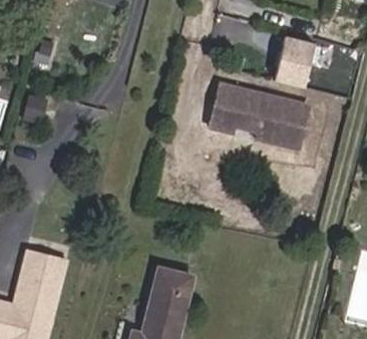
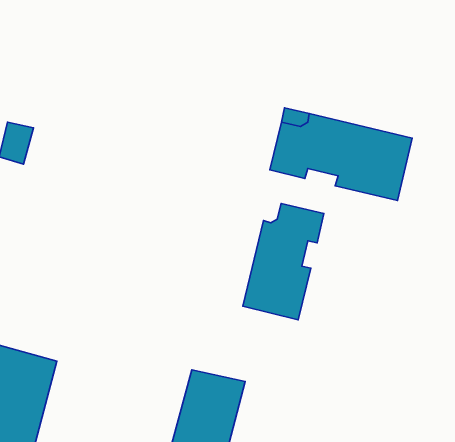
building: [278,38,315,86] -> none
building: none -> [243,204,324,320]

